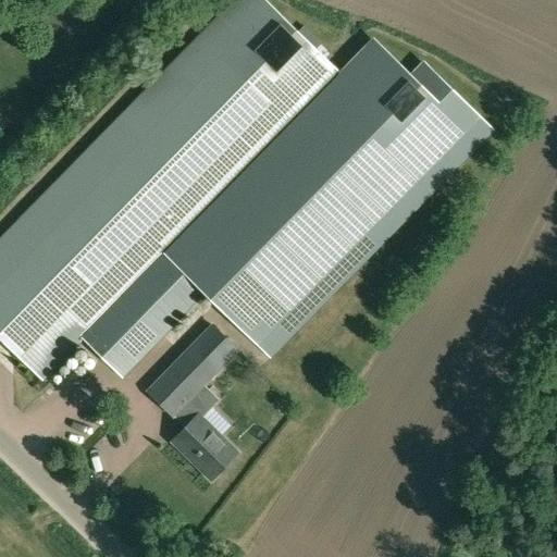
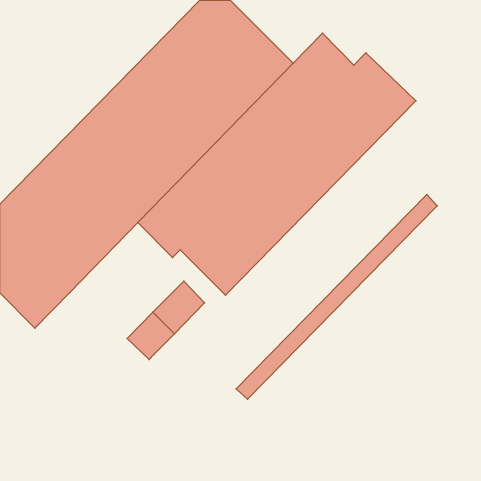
building: [260,117,492,354] -> [236,194,437,399]
building: [81,258,199,377] -> none
building: [171,386,237,480] -> none

